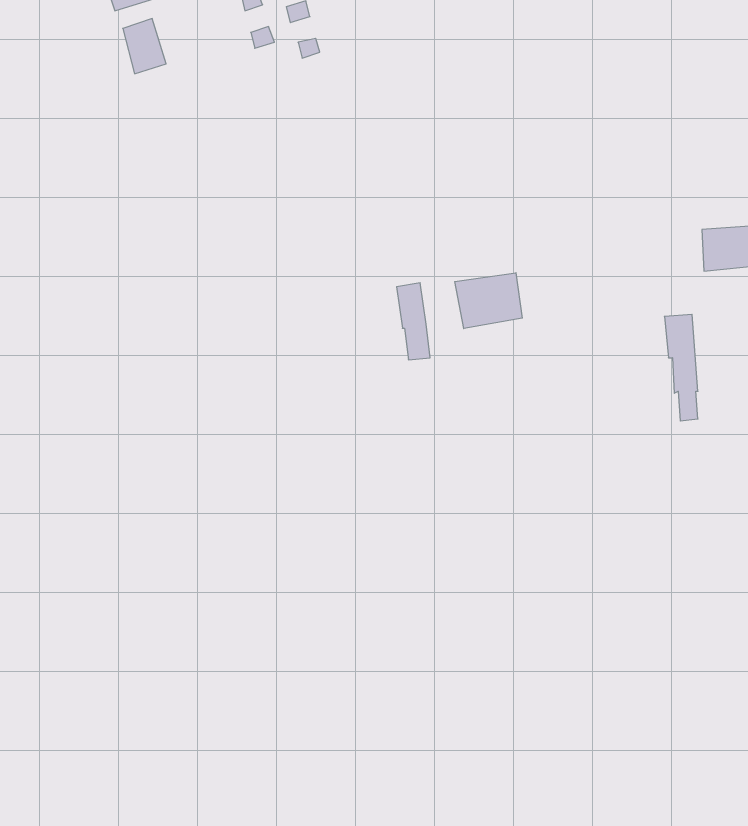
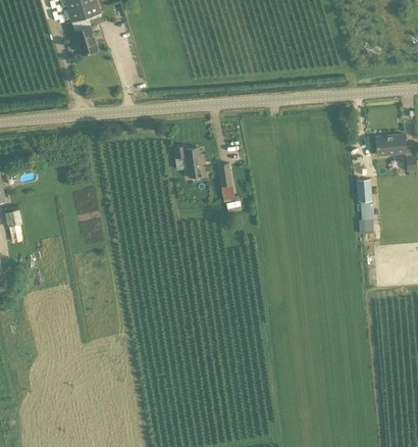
building: none -> [174,146,203,177]
building: [455,273,522,329] -> none

